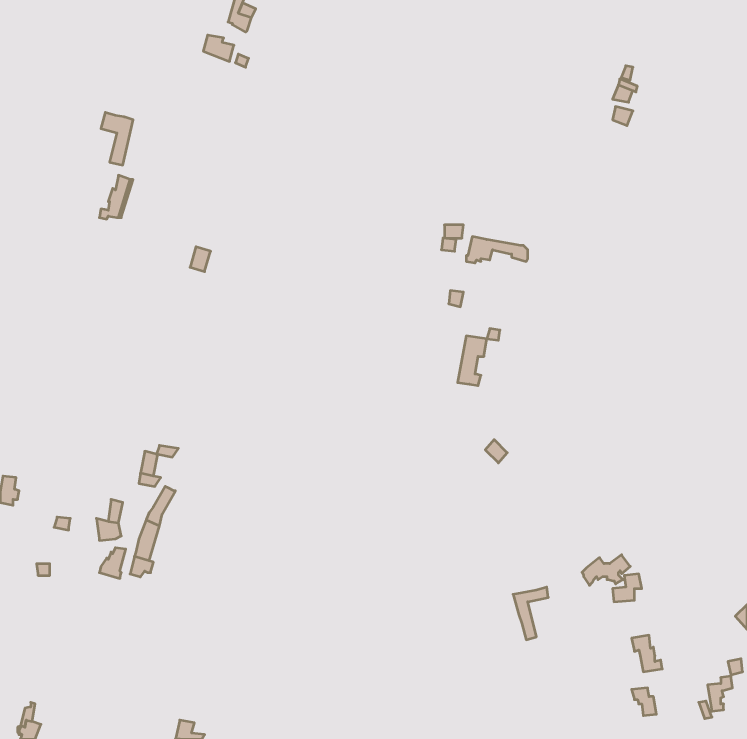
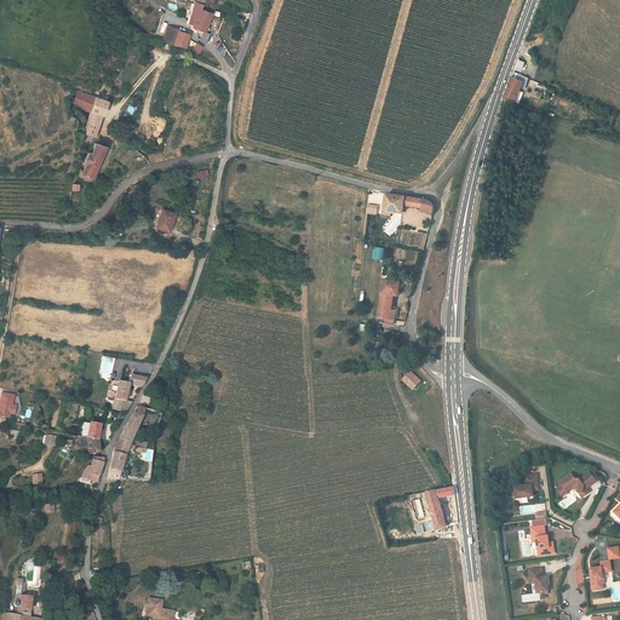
building: [582,555,630,585] -> [550,472,590,498]

